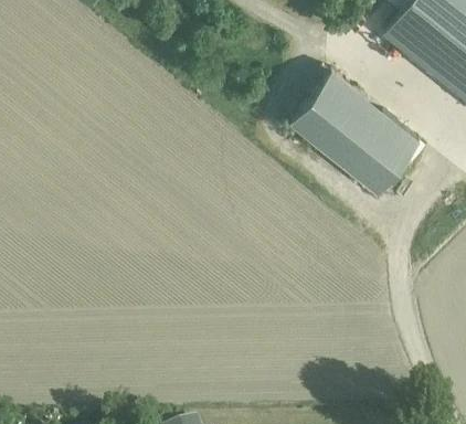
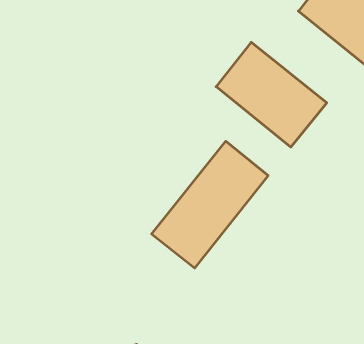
building: none -> [152,141,268,268]

